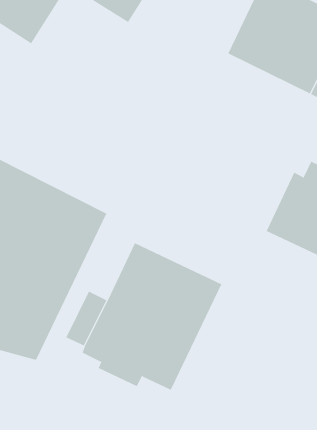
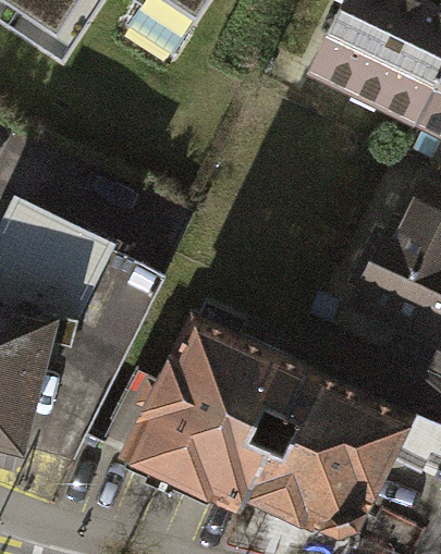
building: none -> [246,365,405,529]

